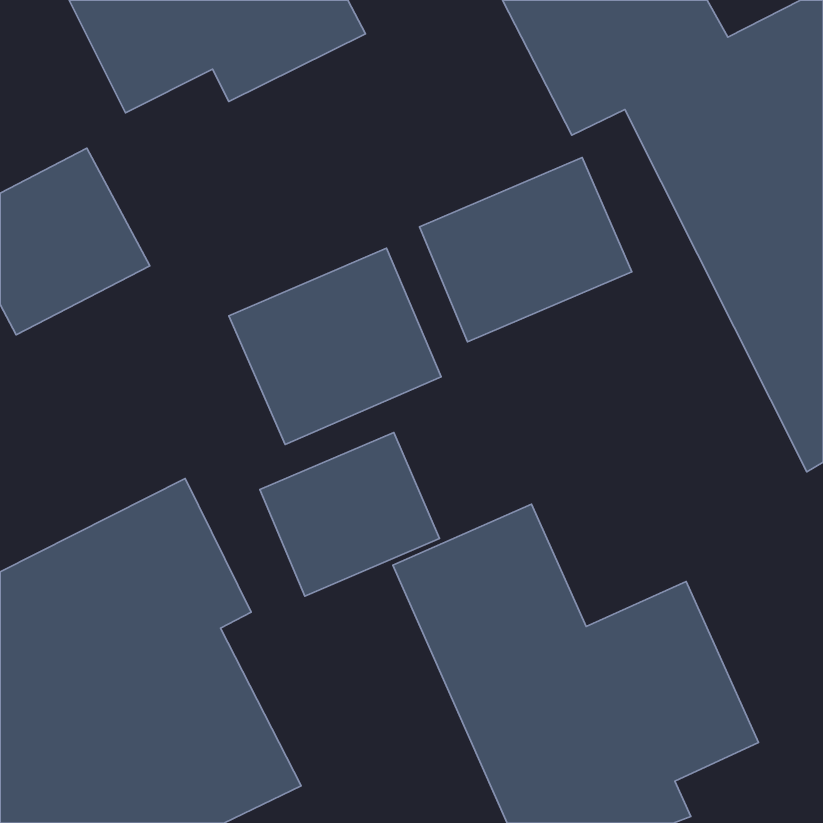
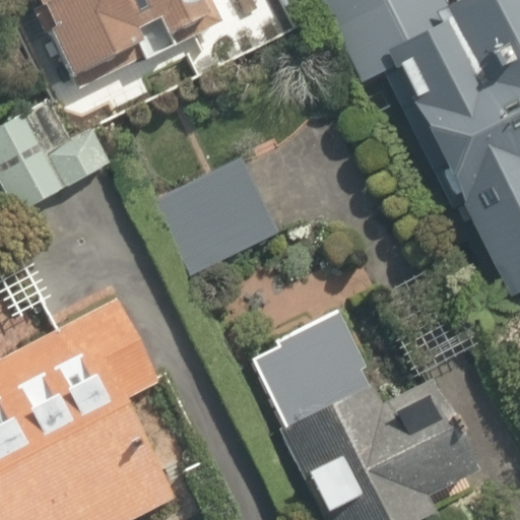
building: [419,158,632,342] -> none
building: [260,433,439,596] -> none

